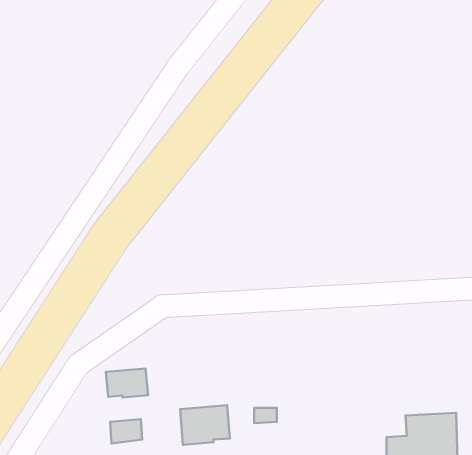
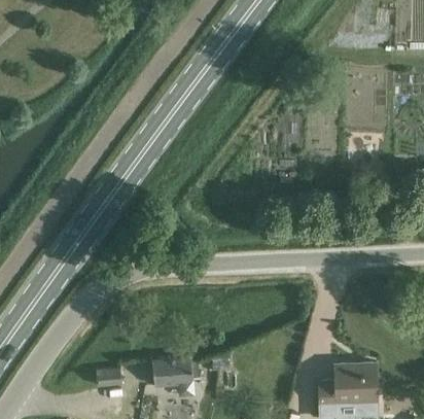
building: [106,369,148,397] -> none

